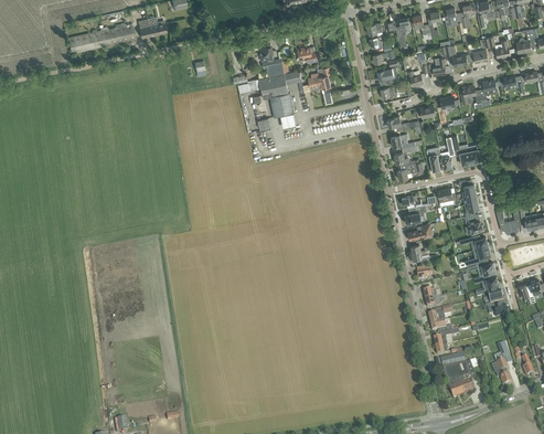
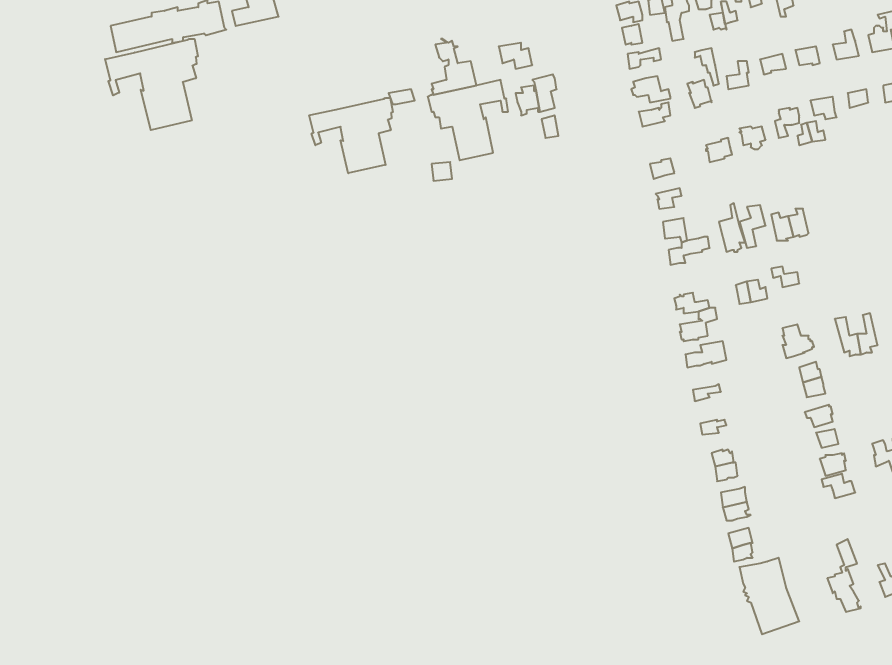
building: none -> [105,39,198,130]
building: none -> [309,98,393,173]

